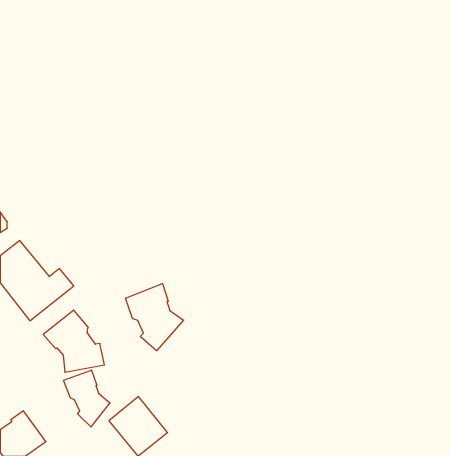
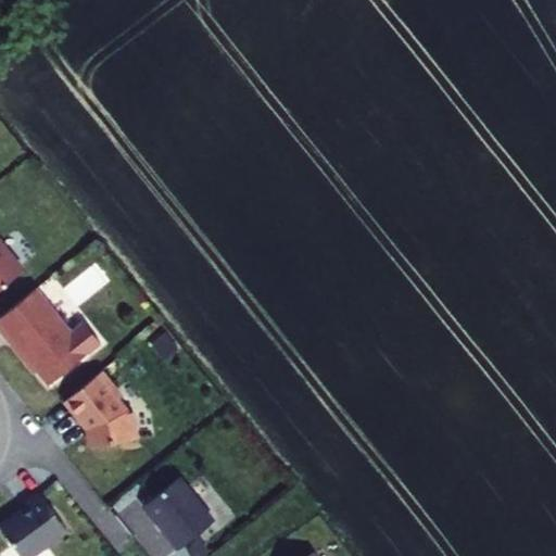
building: [126,284,184,351] -> none
building: [64,370,110,427] -> none

